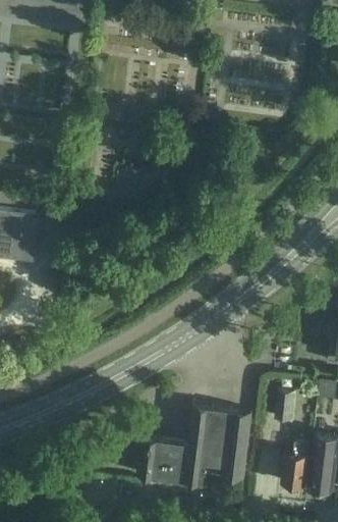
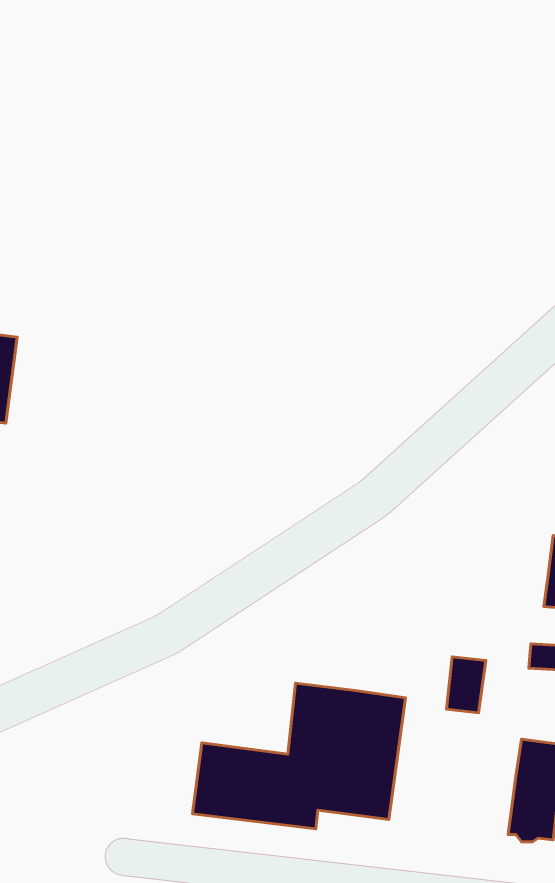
building: [283,442,312,487] -> none

